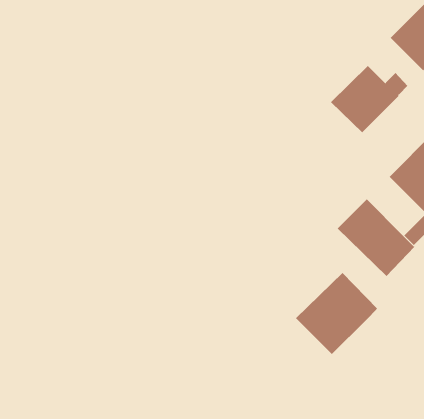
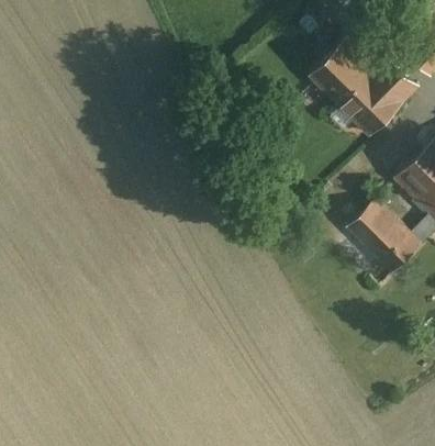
building: none -> [310,41,376,107]
building: [295,272,378,355] -> none

